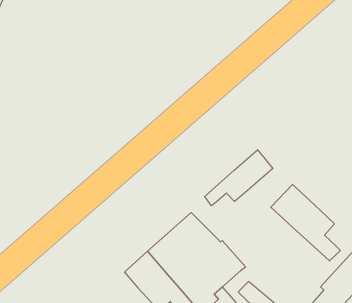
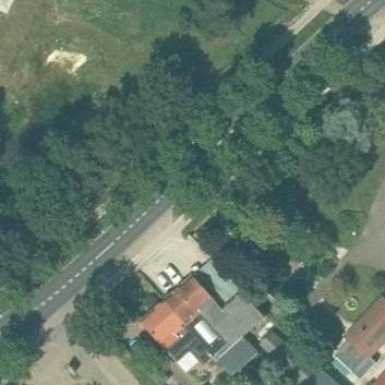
building: [205,150,273,206] -> none
building: [271,185,340,261] -> none

